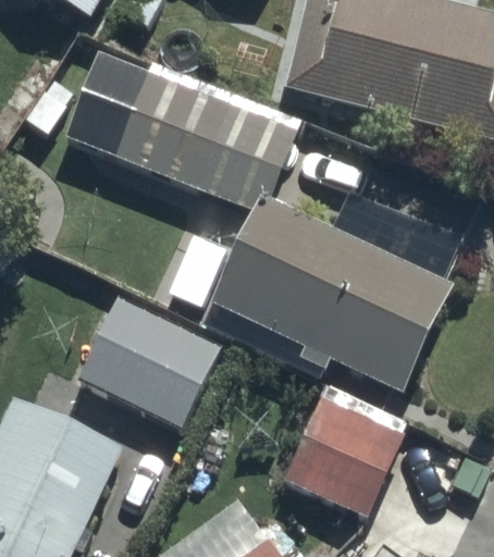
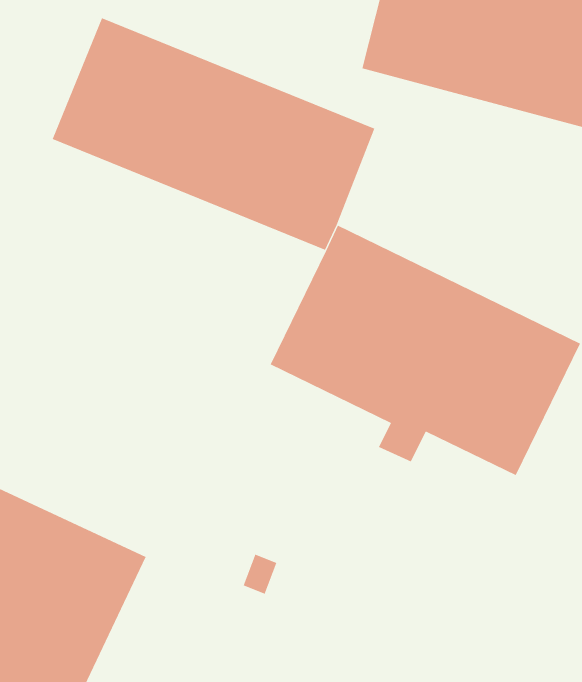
building: [82,297,219,423] -> none
building: [279,389,410,518] -> none

